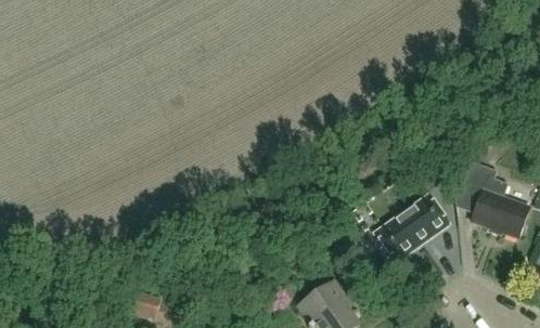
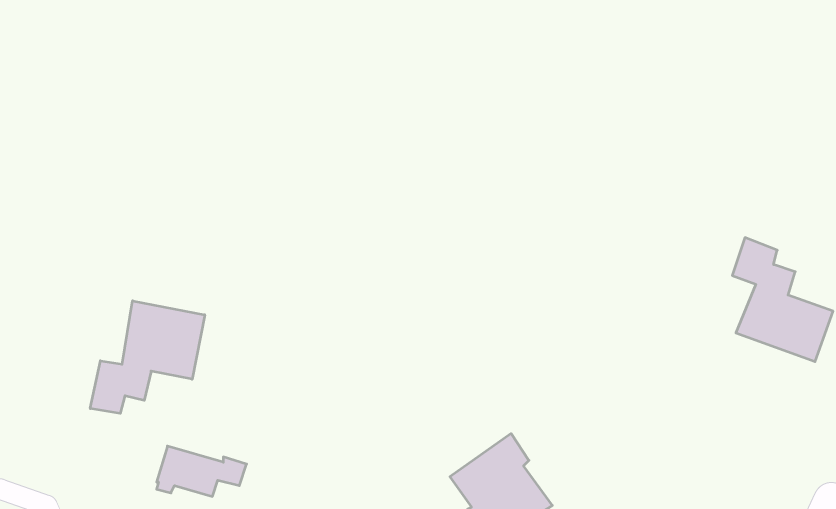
building: [373,195,447,261] -> none
building: none -> [90,301,205,413]

